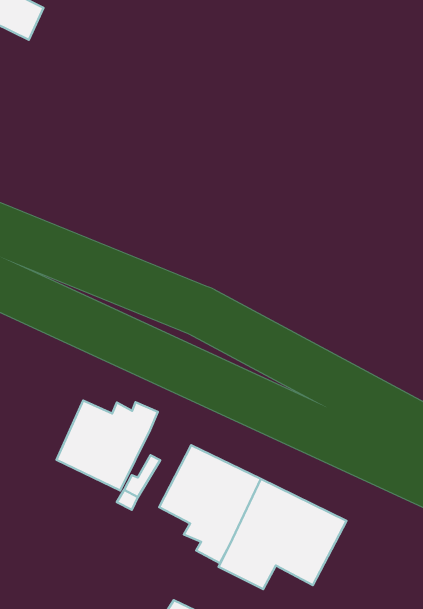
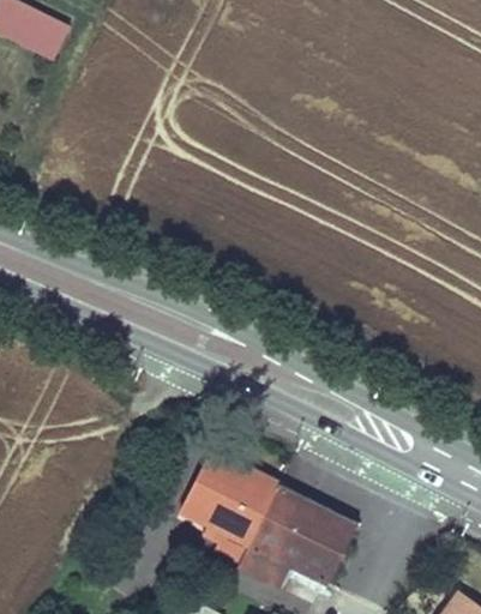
building: [57,400,158,490] -> none

